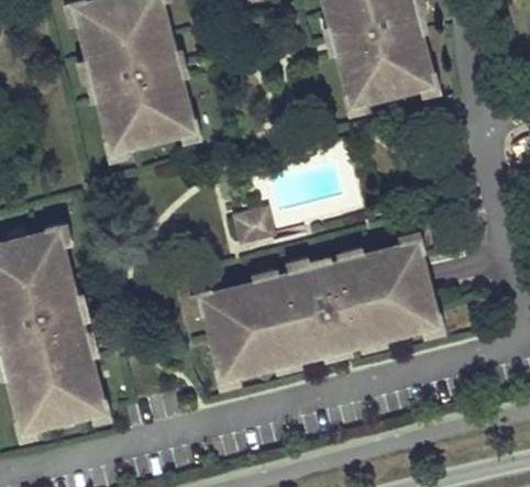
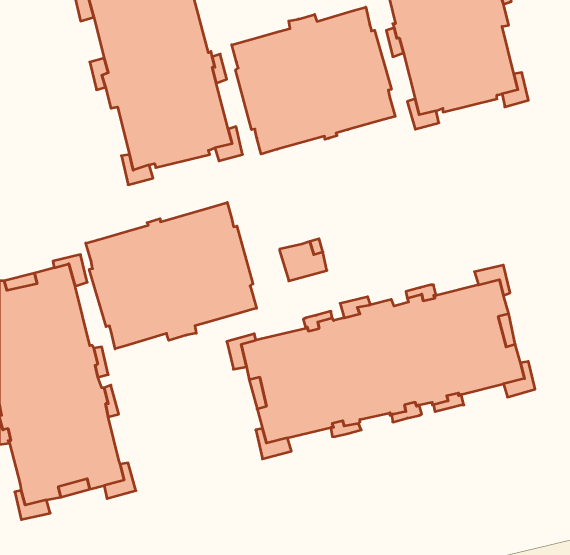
building: none -> [232,7,395,154]
building: none -> [86,202,257,349]

